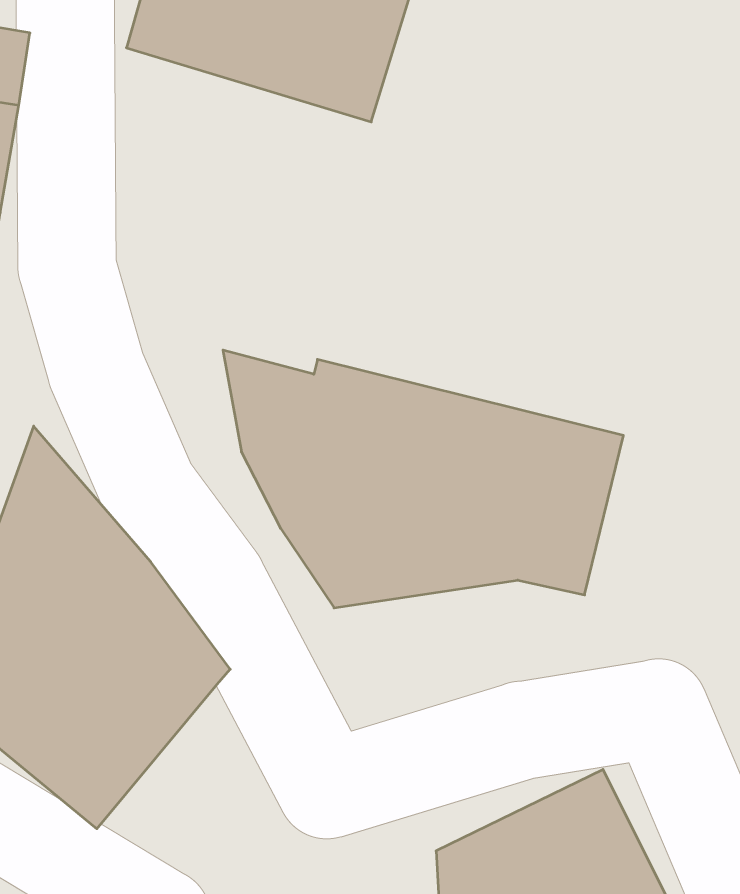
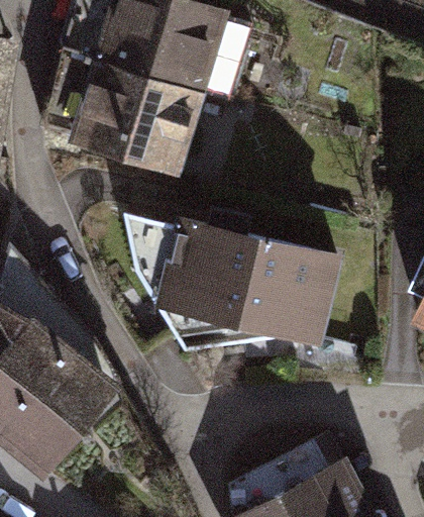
building: none -> [55,47,203,170]

